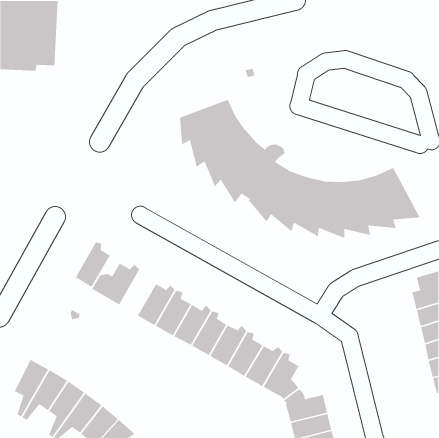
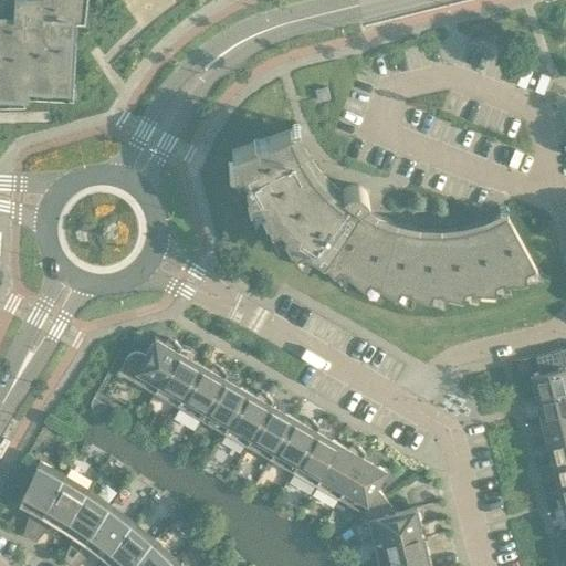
building: [75,241,111,288] -> [154,348,200,408]

